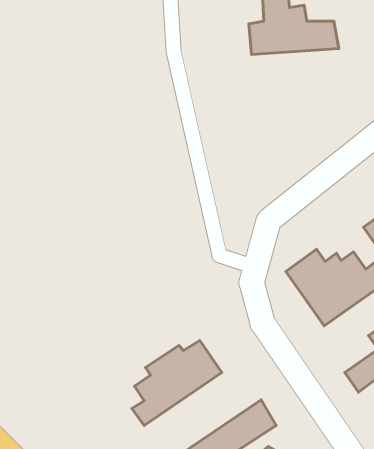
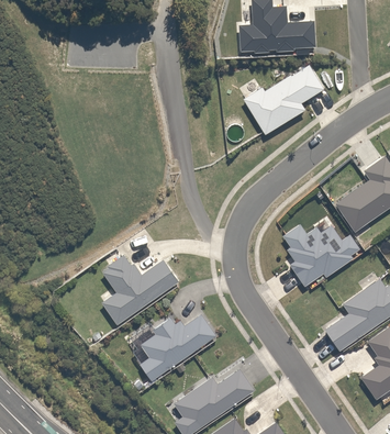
building: none -> [241,66,325,136]
building: none -> [96,260,181,327]

